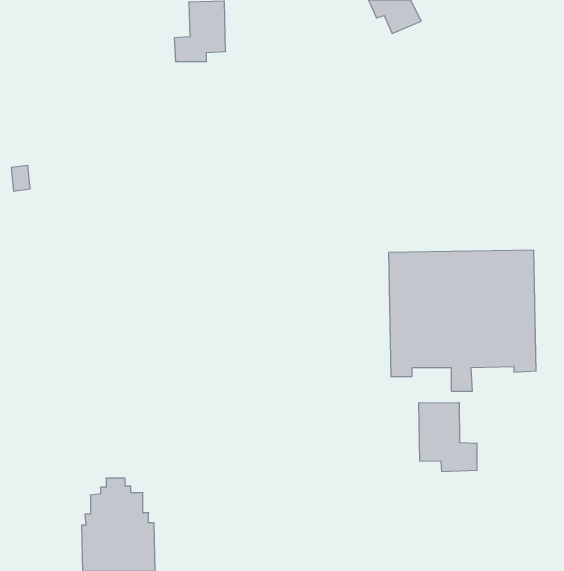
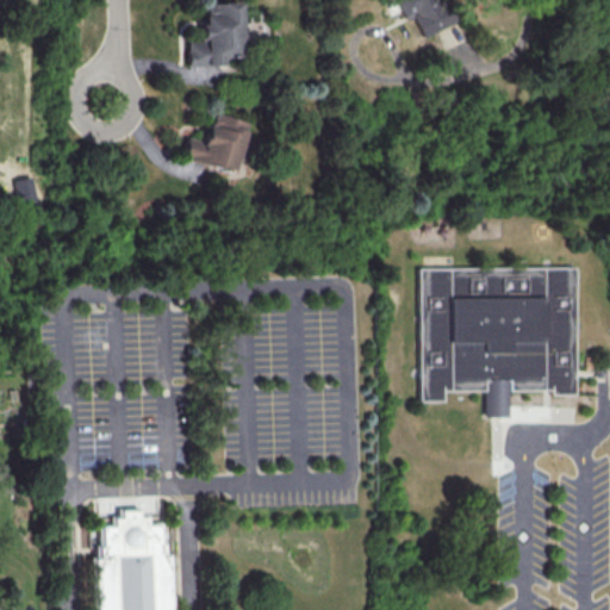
building: none -> [186,112,251,172]
building: [419,402,477,472] -> none

